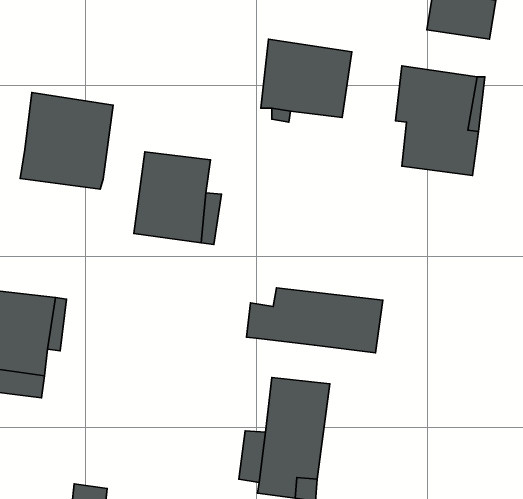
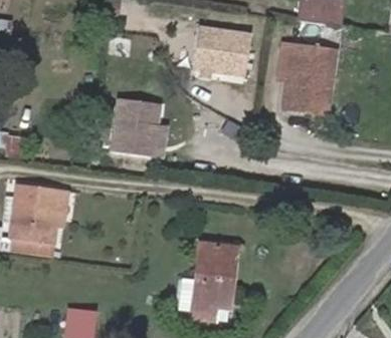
building: [20,92,113,189] -> none
building: [247,288,383,353] -> none

